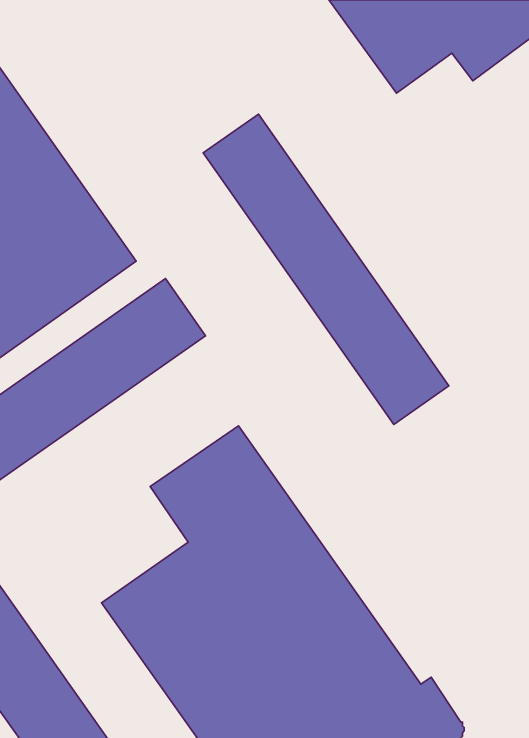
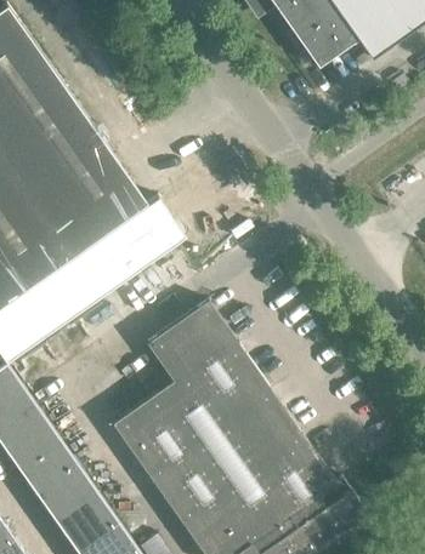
building: [203,114,449,425] -> none

